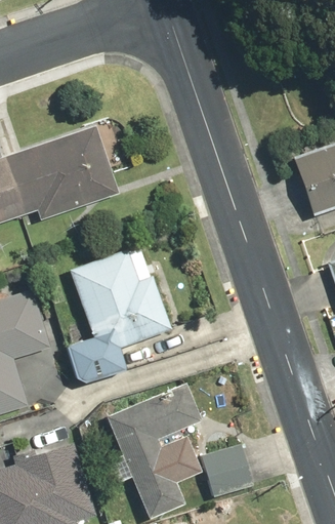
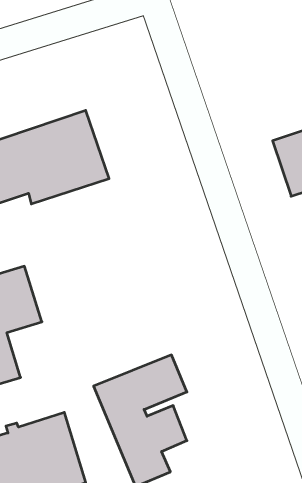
building: [66,248,172,381] -> none
building: [202,443,254,496] -> none

